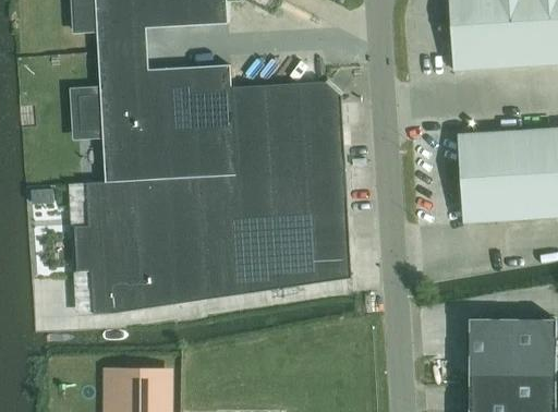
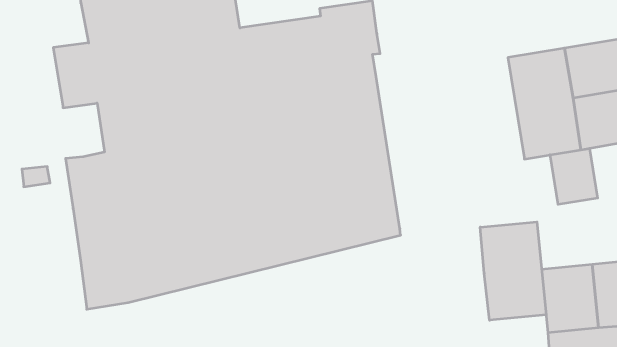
building: none -> [550,148,598,204]
building: none -> [480,222,546,320]

